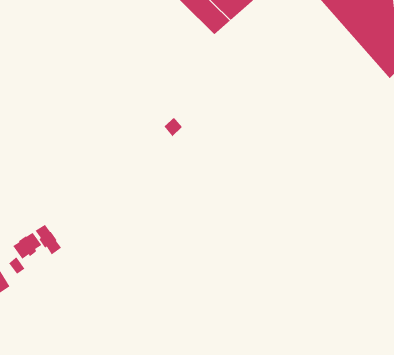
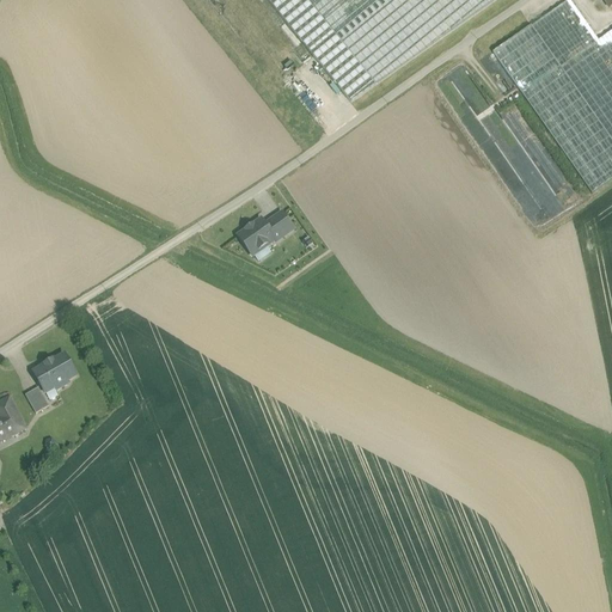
building: none -> [238,215,275,251]
building: [35,224,62,255] -> none

